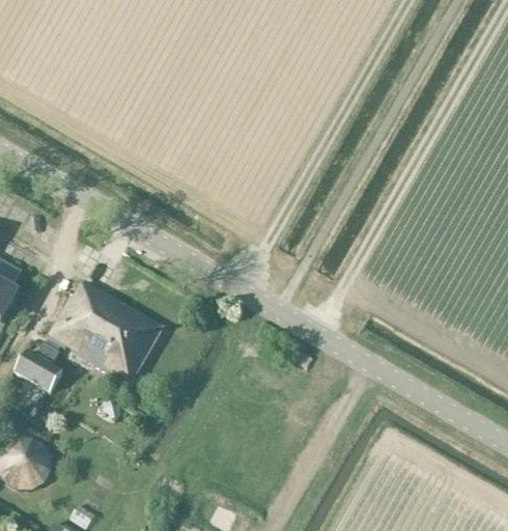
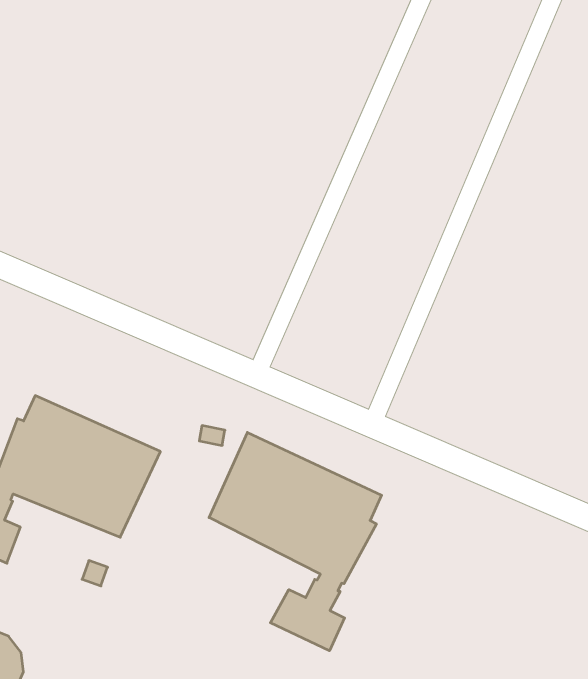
building: none -> [209,432,382,651]

